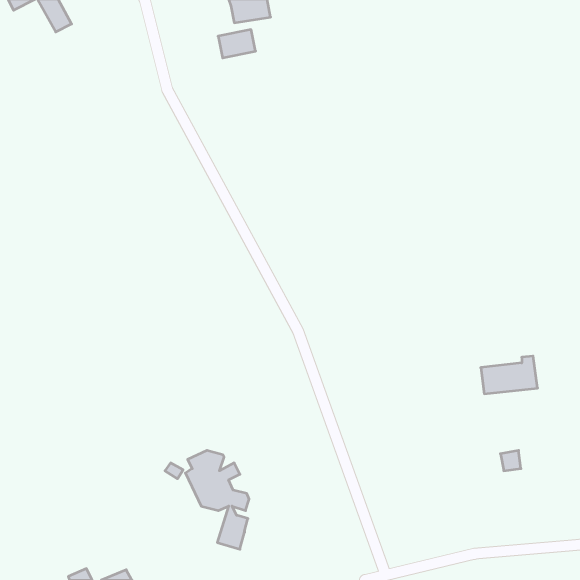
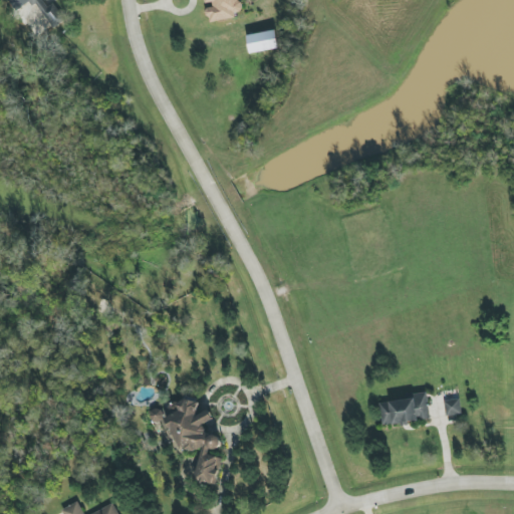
building: [218,30,256,58] -> [245,28,278,53]
building: [481,356,538,394] -> [378,392,429,425]

